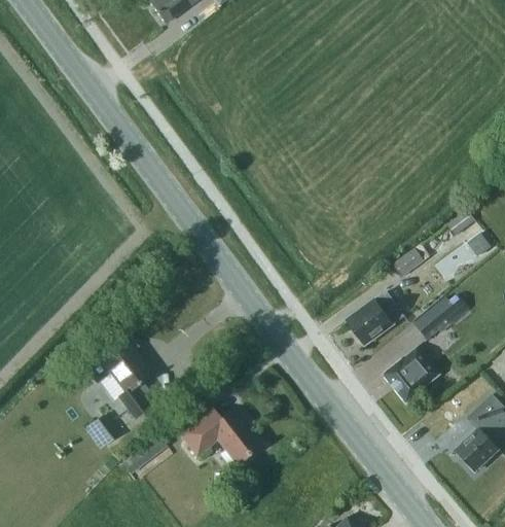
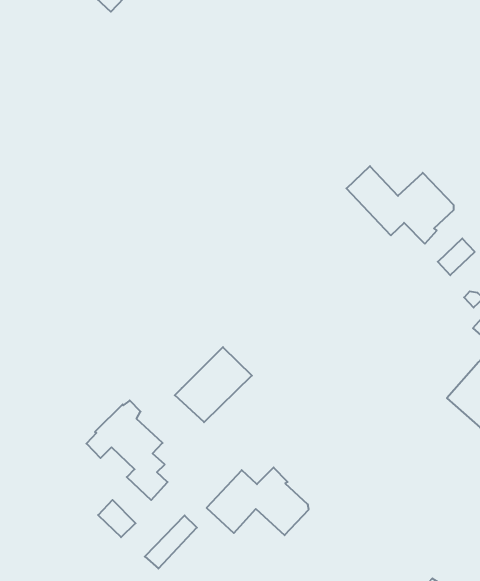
building: none -> [346,166,454,244]
building: [346,292,398,346] -> none
building: none -> [175,347,252,422]

